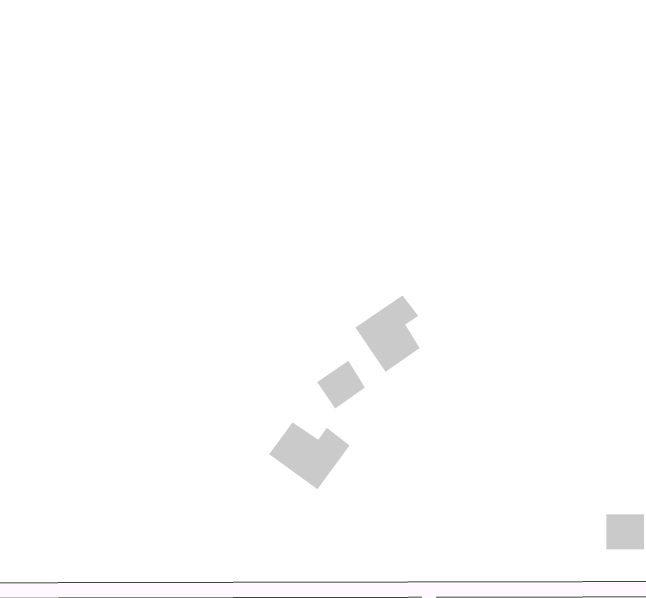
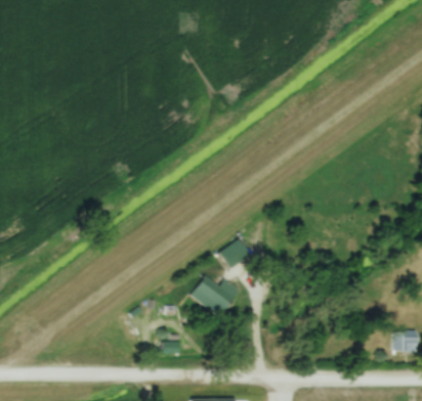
building: [355,294,421,373] -> none

